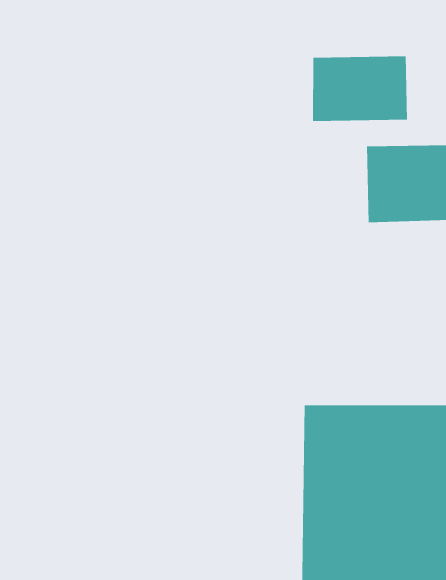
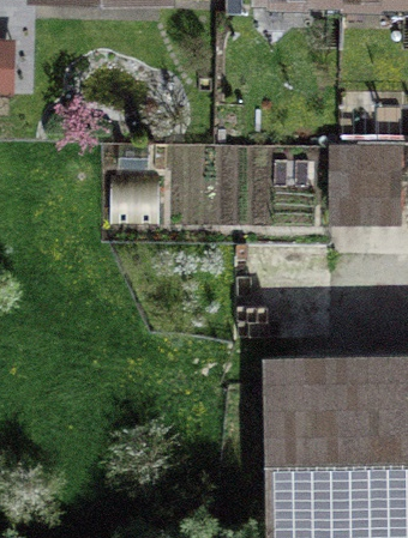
building: [312,55,408,122] -> none

